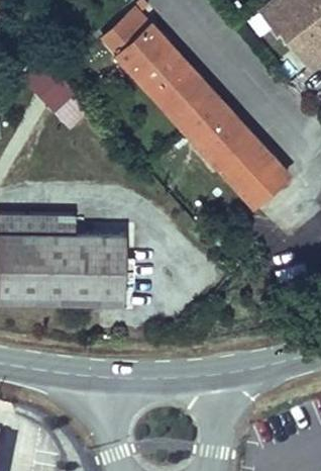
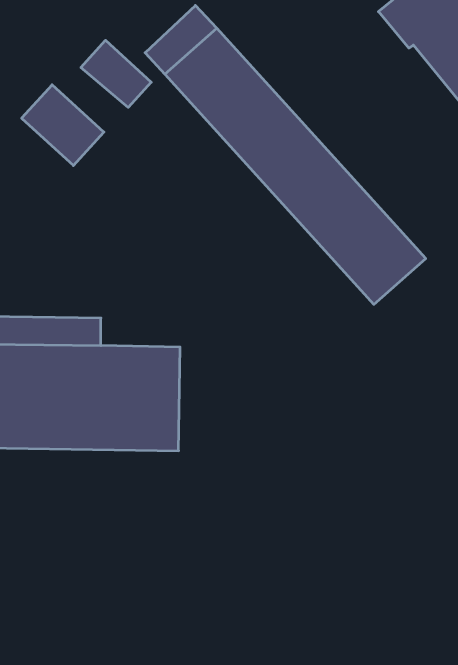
building: none -> [81,40,151,107]

